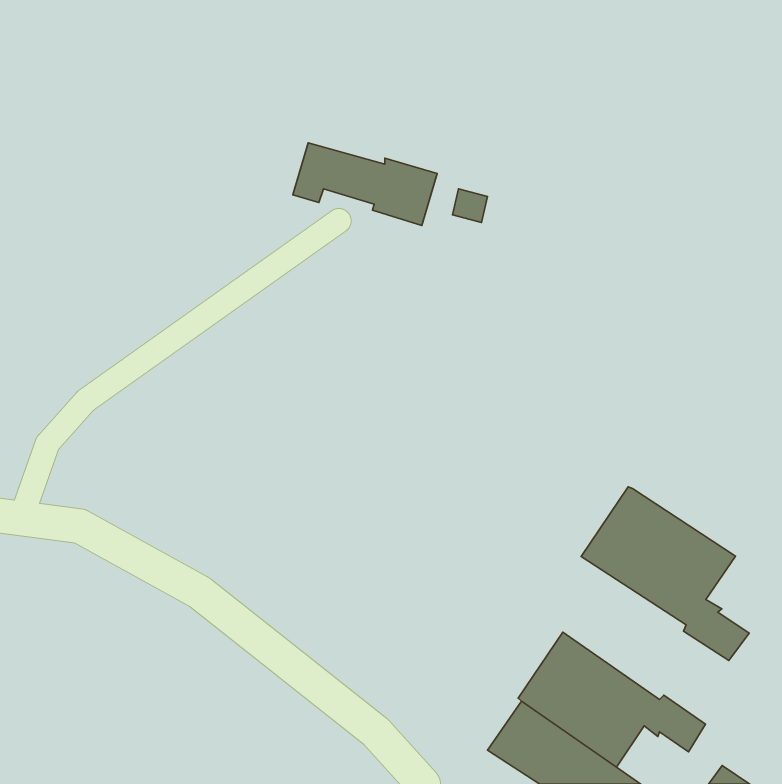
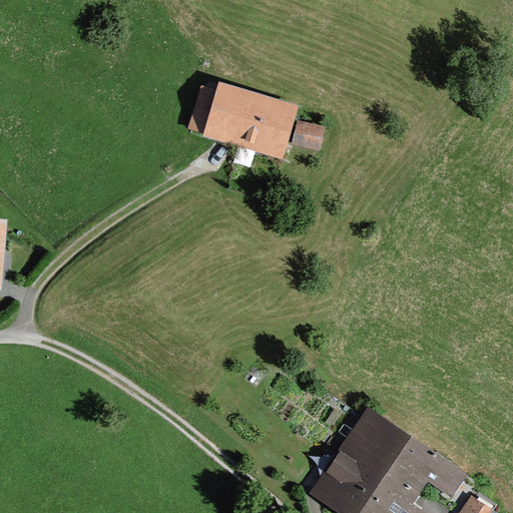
building: [581,487,749,661] -> none

